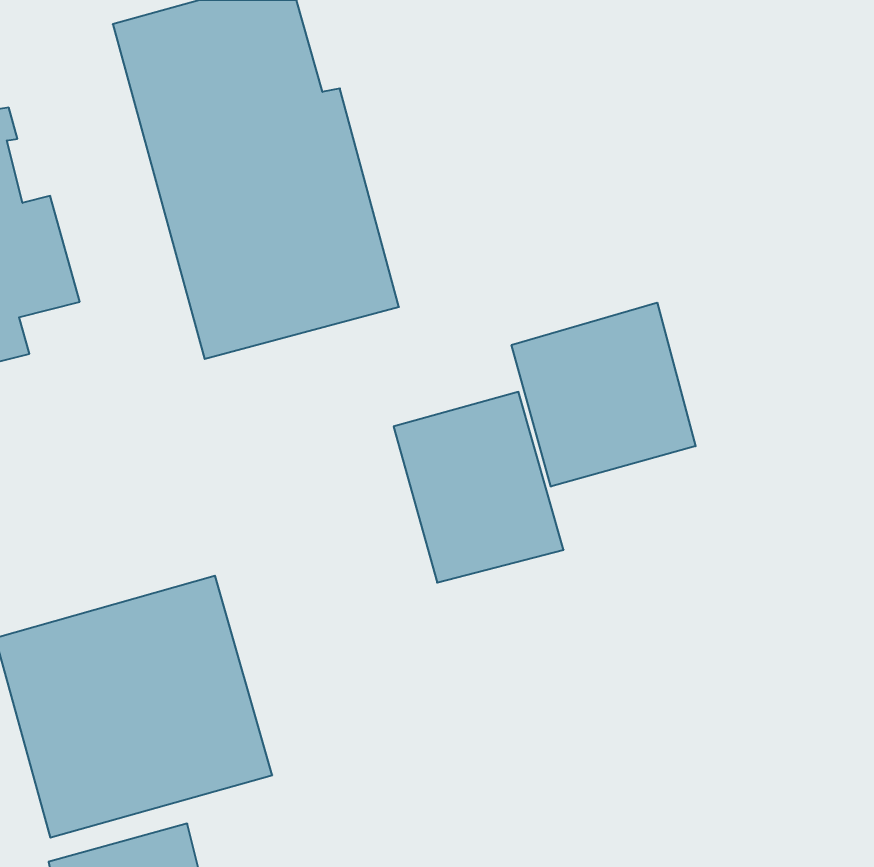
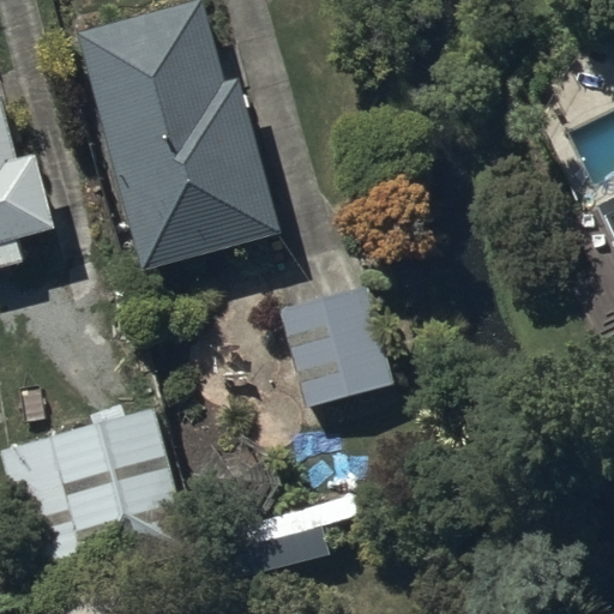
building: [512,303,696,487] -> none

